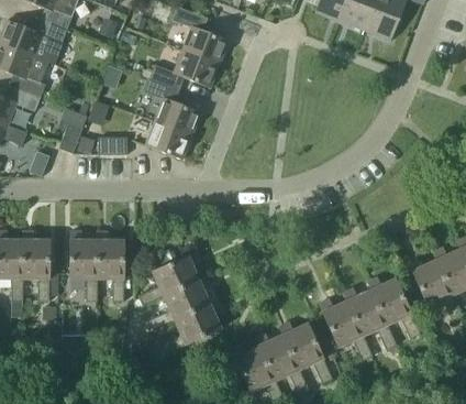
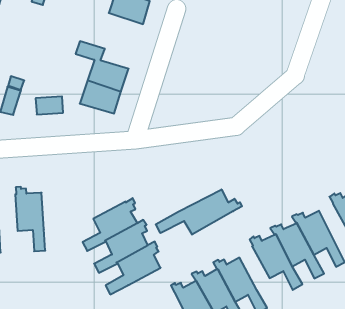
building: [149,50,219,88] -> none
building: [97,231,124,302] -> none
building: none -> [156,189,242,235]

